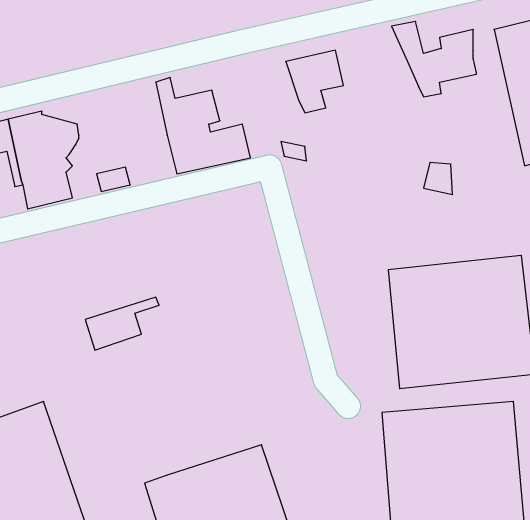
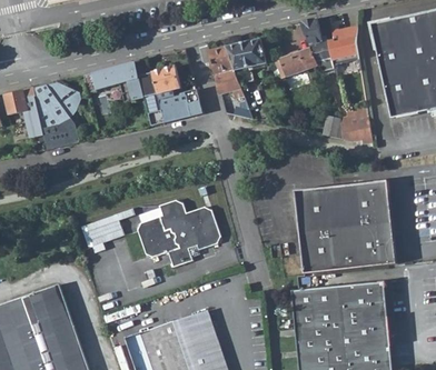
building: none -> [208,47,240,93]
building: none -> [274,47,318,78]
building: none -> [83,61,143,102]
building: none -> [340,111,370,144]
building: none -> [136,199,219,267]

